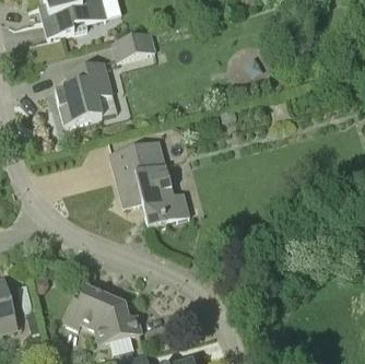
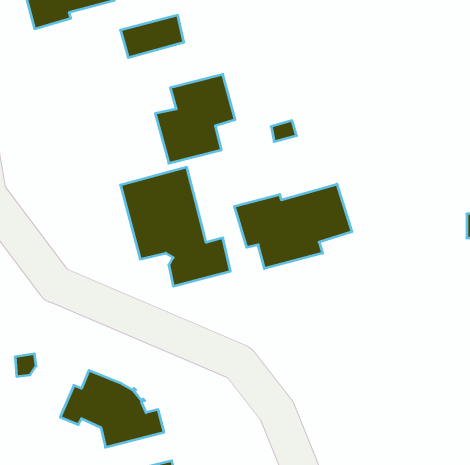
building: [54,60,111,125] -> [155,74,235,163]
building: none -> [235,184,352,269]

